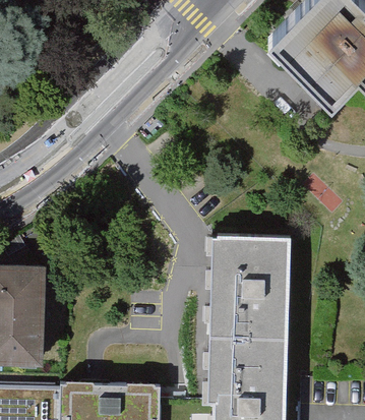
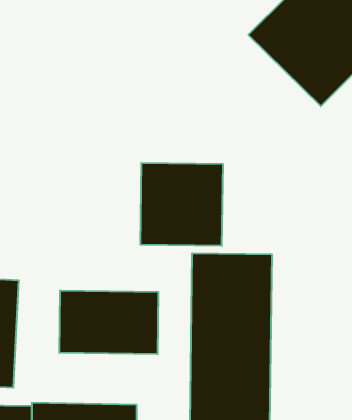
building: none -> [140,163,223,246]
building: none -> [59,290,158,354]

